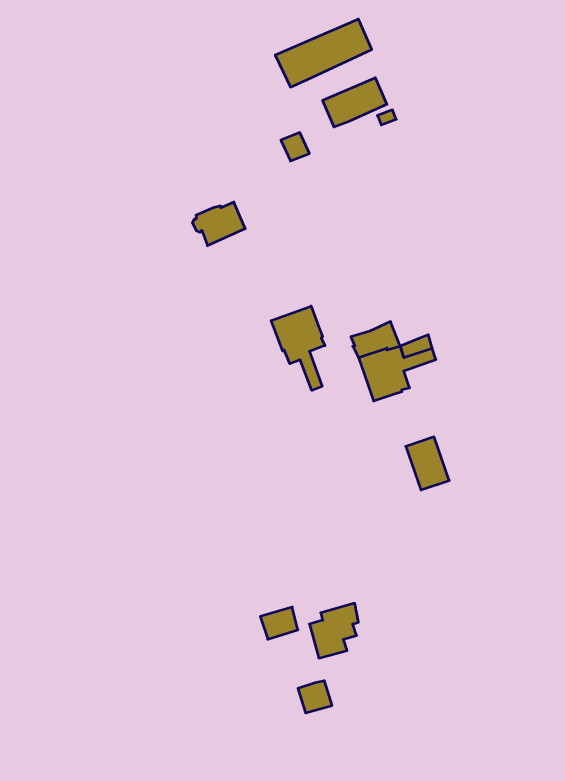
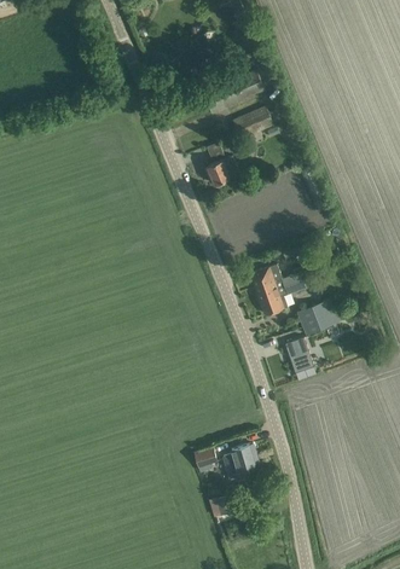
building: [192,202,245,246] -> [204,157,238,185]
building: [271,306,325,390] -> none
building: none -> [296,298,341,335]

